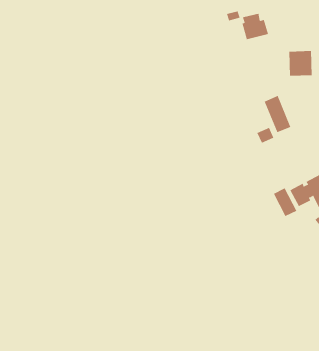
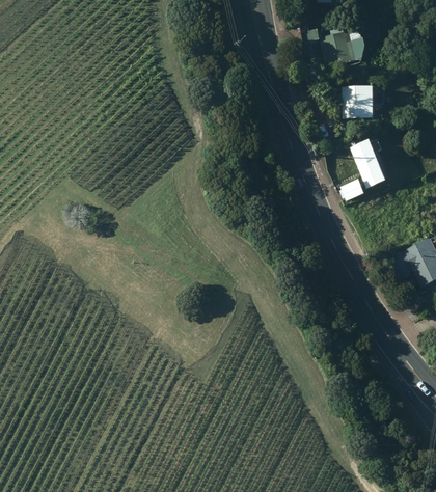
building: [289,51,313,76] -> [343,84,374,117]
building: [273,187,297,217] -> none

